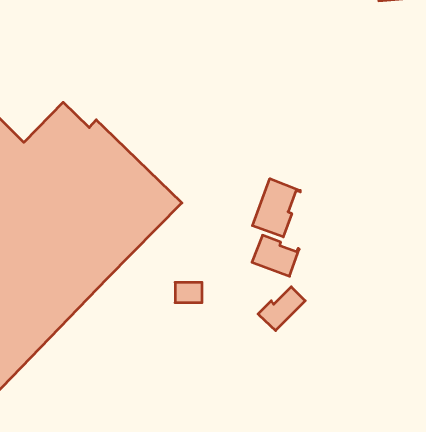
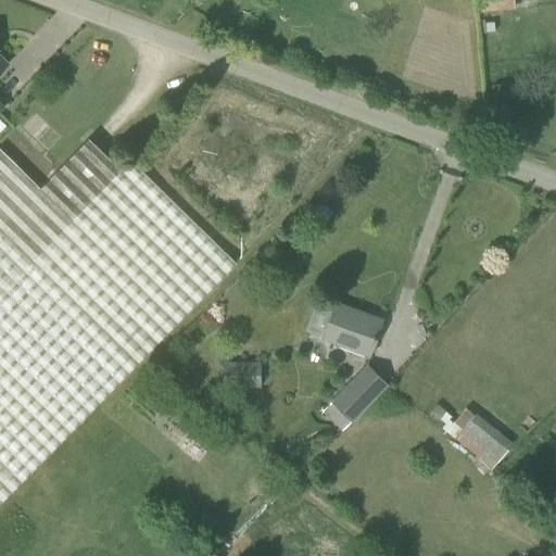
building: [252,179,300,237] -> none
building: none -> [441,408,511,469]

